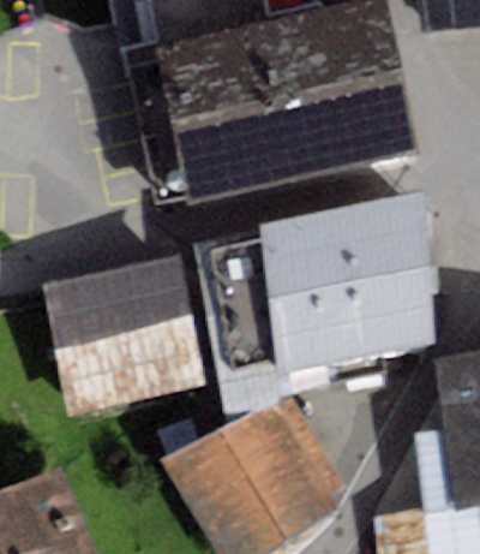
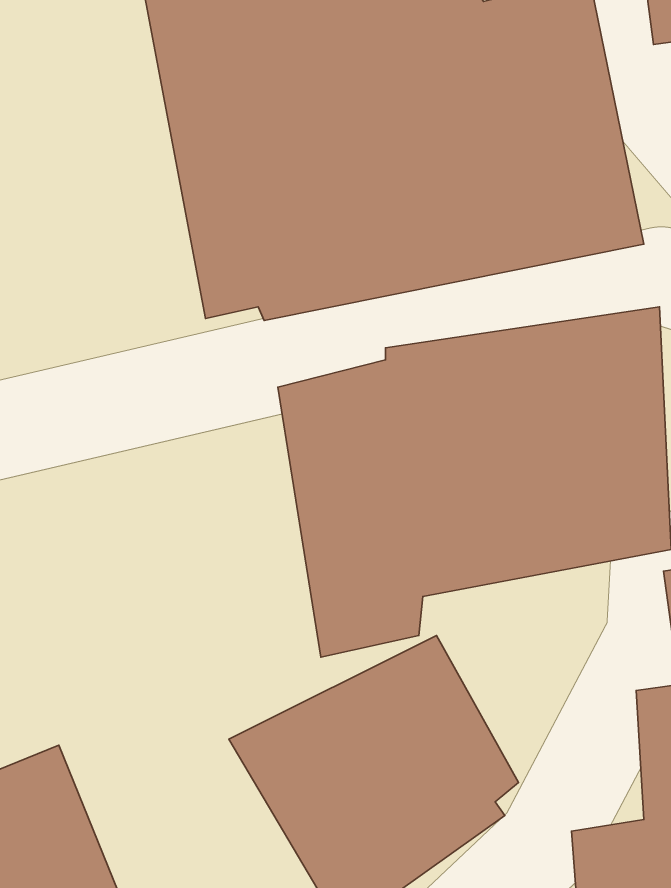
building: [44,256,204,410] -> none

